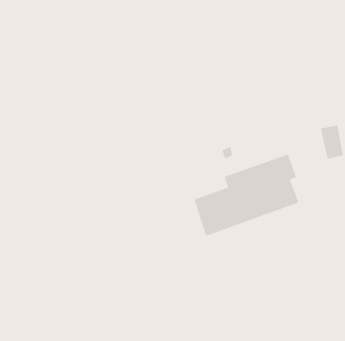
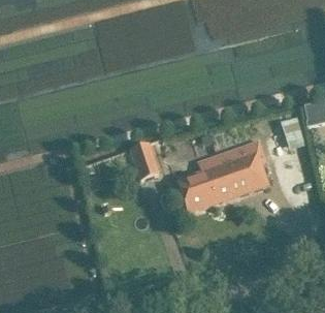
building: none -> [130,143,159,180]

